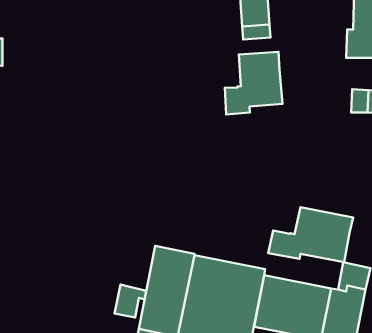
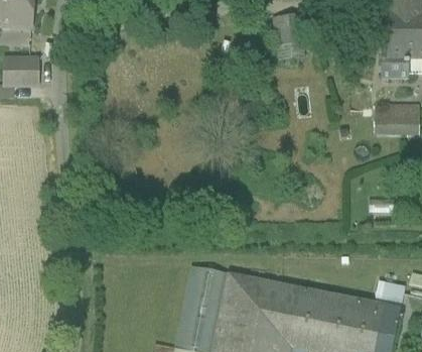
building: [225,52,282,115] -> none
building: [268,207,353,262] -> none
building: [115,284,146,317] -> none

